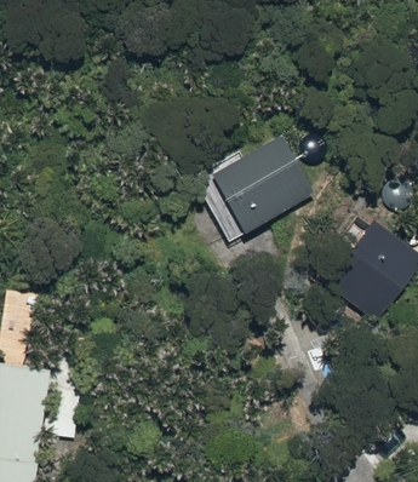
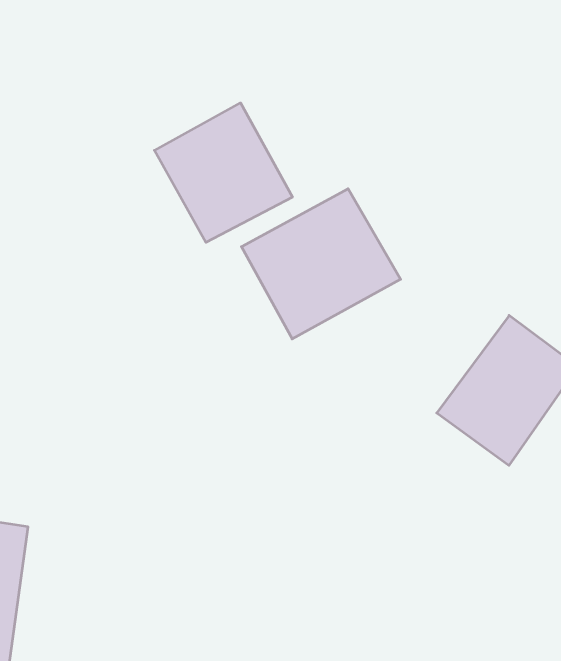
building: none -> [154,103,292,242]

